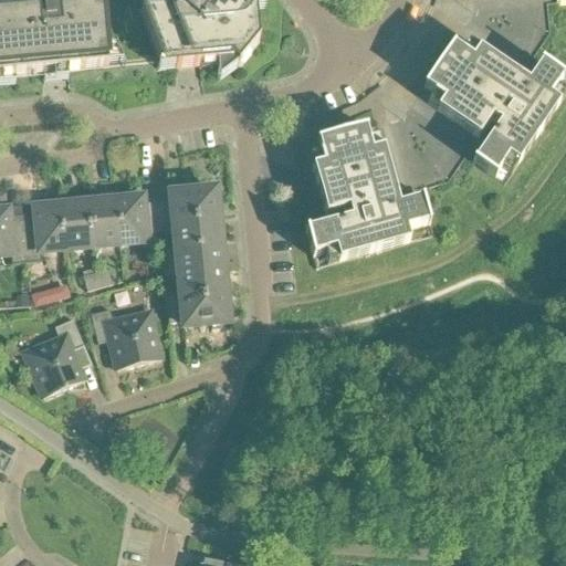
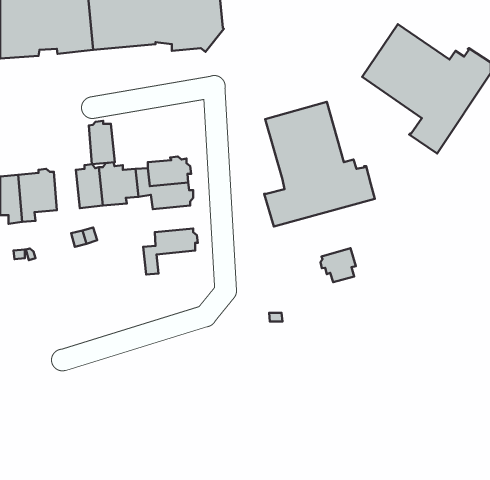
building: [63,192,93,242] -> [89,121,115,164]
building: [177,237,223,268] -> none
building: none -> [321,248,356,282]
building: [181,289,231,322] -> none
building: [91,303,160,364] -> none
building: [25,313,85,391] -> none

